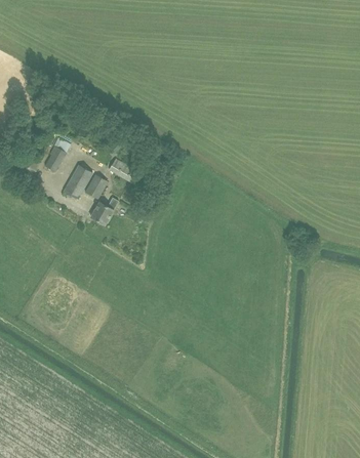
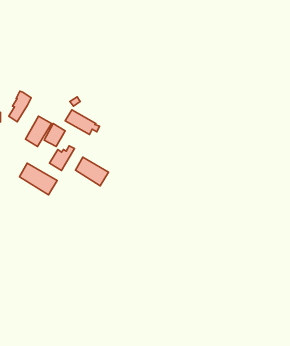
building: none -> [75,157,108,186]
building: none -> [19,163,57,195]

